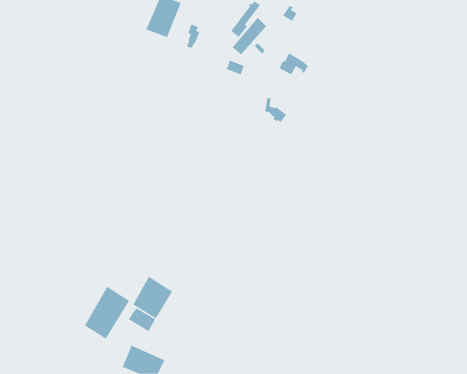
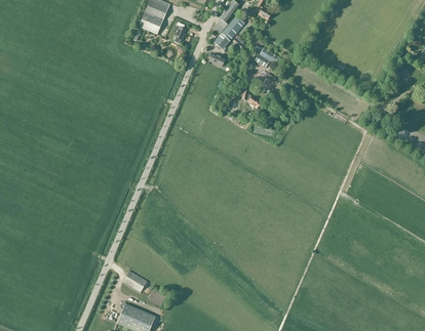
building: [133,276,173,319] -> none
building: [84,286,130,339] -> none

